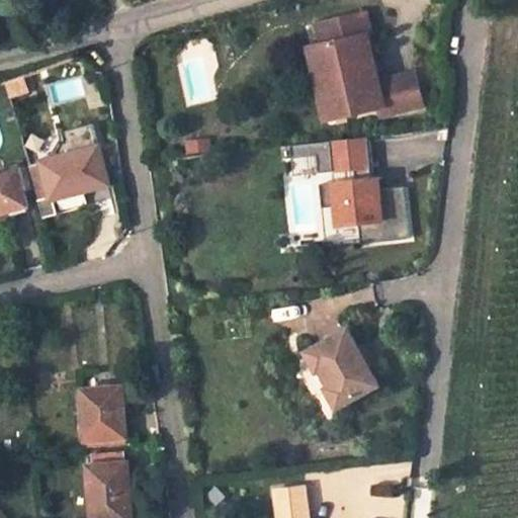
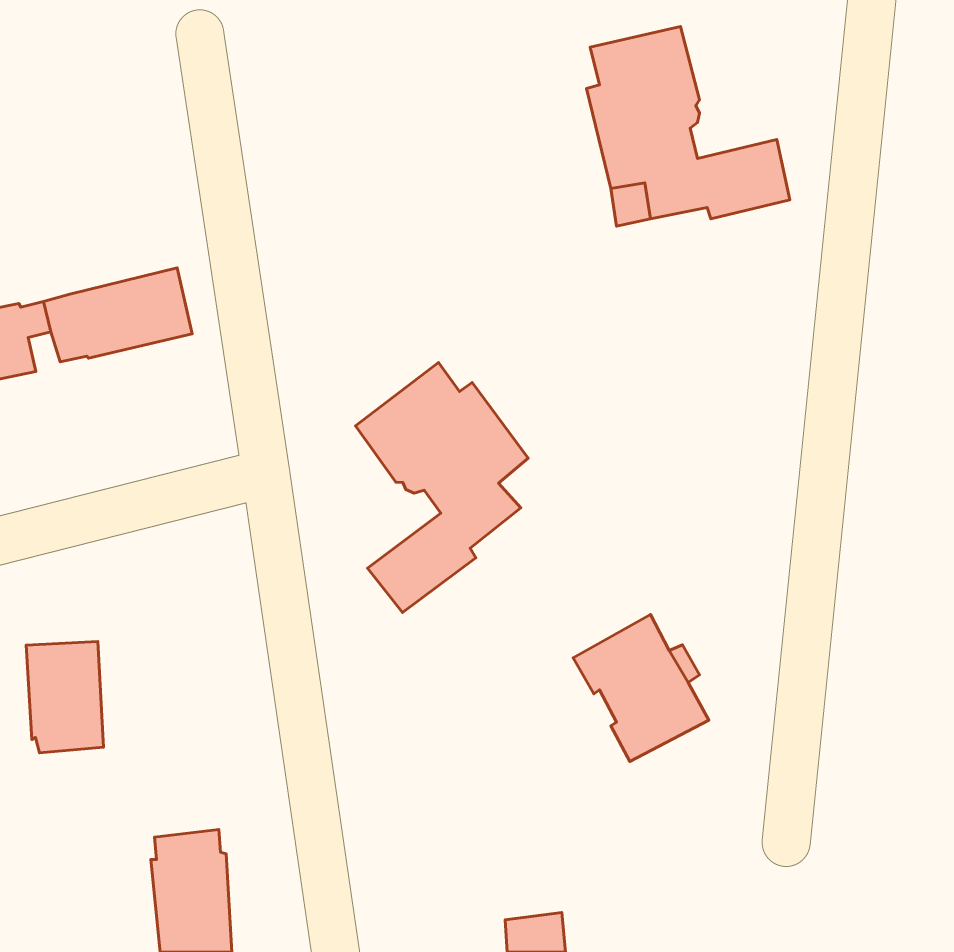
building: [291,141,412,247] -> none
building: none -> [355,363,528,613]
building: [76,383,117,443] -> [26,641,103,753]

